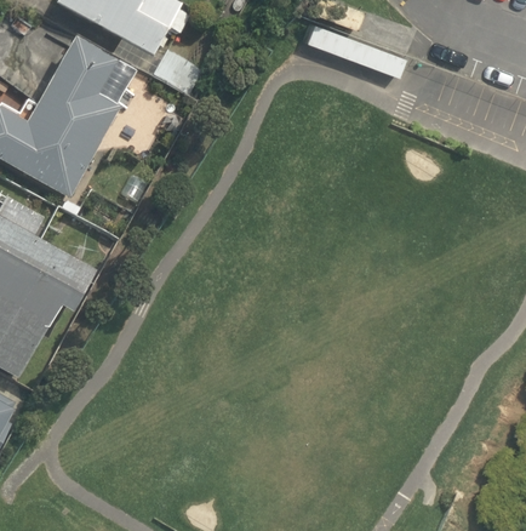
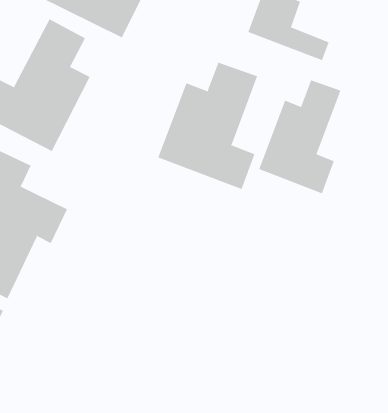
building: none -> [158,62,258,190]
building: none -> [258,80,341,194]

